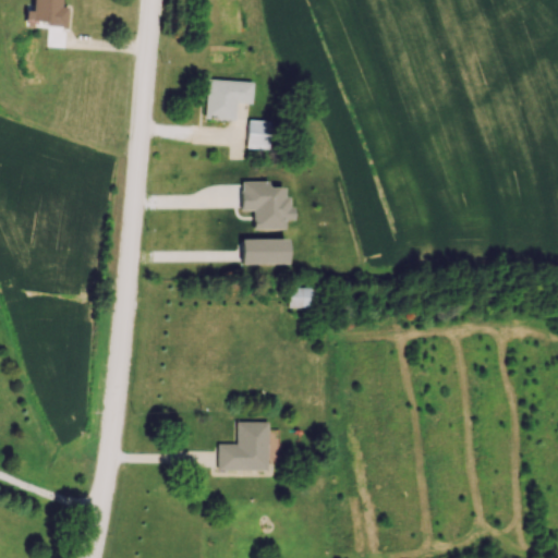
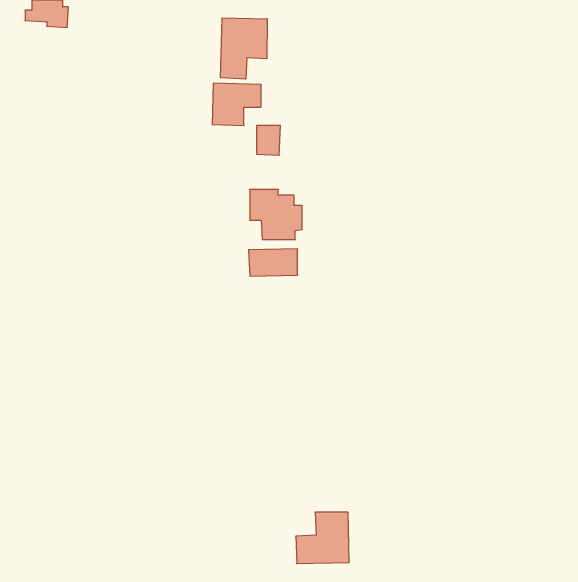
building: none -> [221,18,267,79]
building: [290,288,316,308] -> none
building: [219,422,270,471] -> [296,512,349,564]

